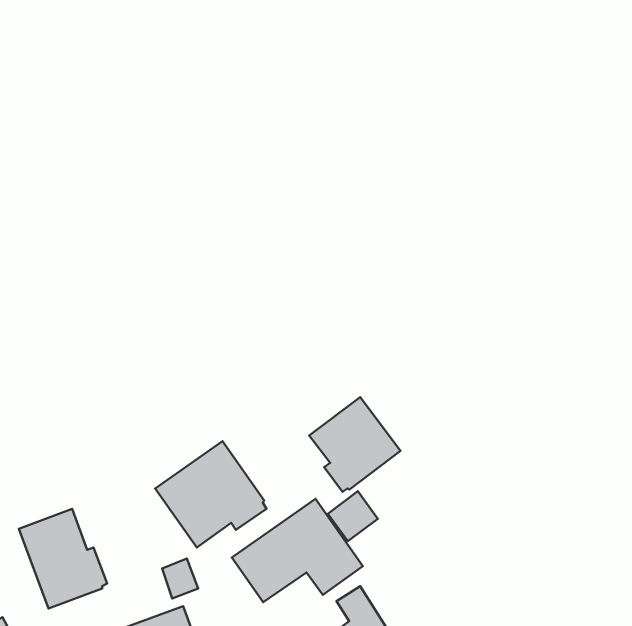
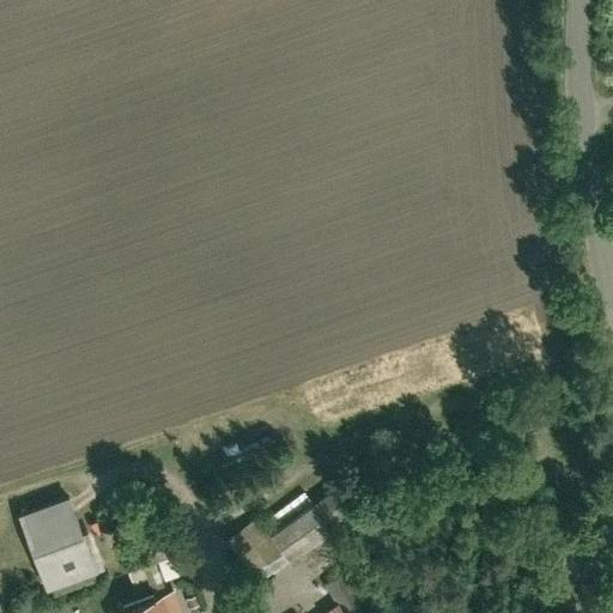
building: [309,397,400,492] -> none
building: [155,441,267,548] -> none

